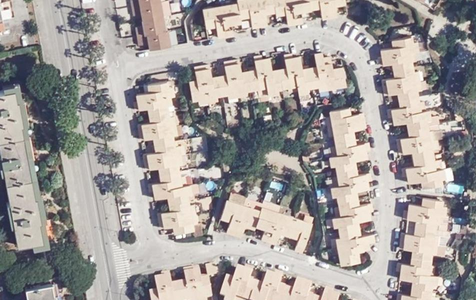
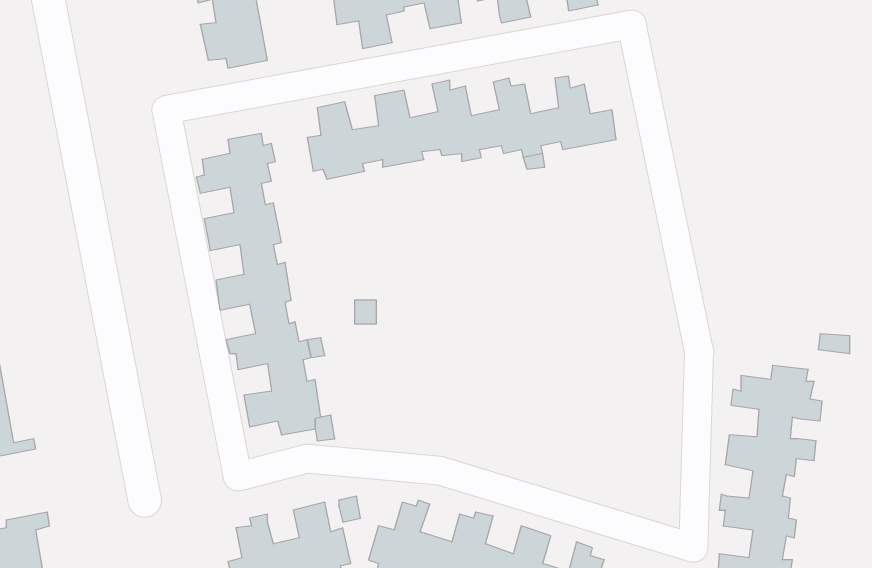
building: [380,34,446,185] -> none
building: [328,107,375,263] -> none
building: [222,190,312,252] -> none

